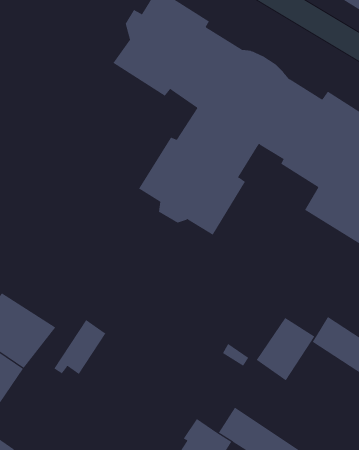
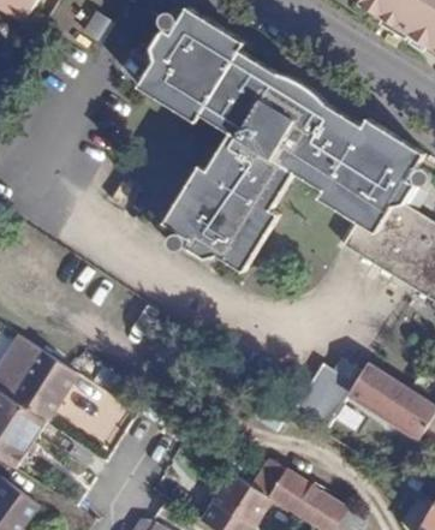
building: [53,319,106,375] -> none

